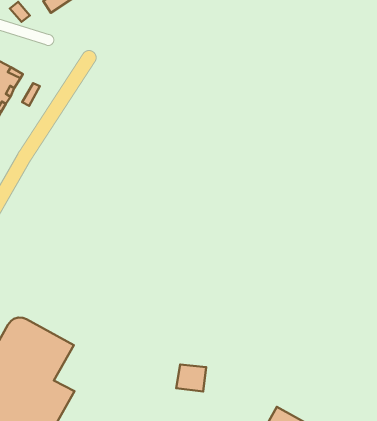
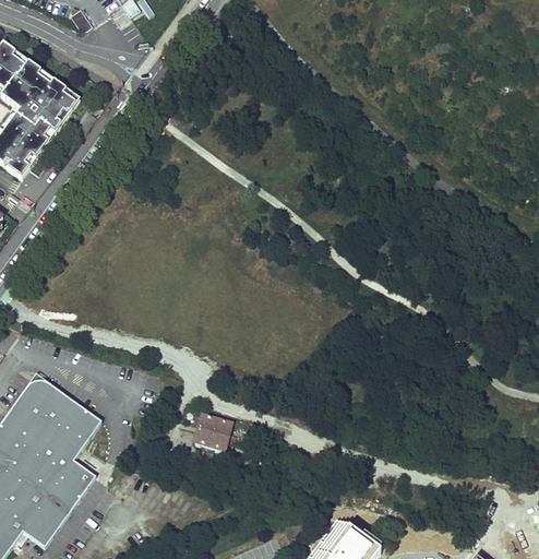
building: [176,365,206,391] -> [193,413,231,448]

